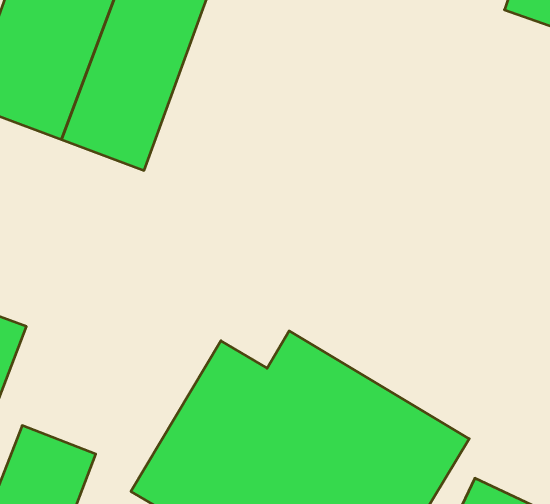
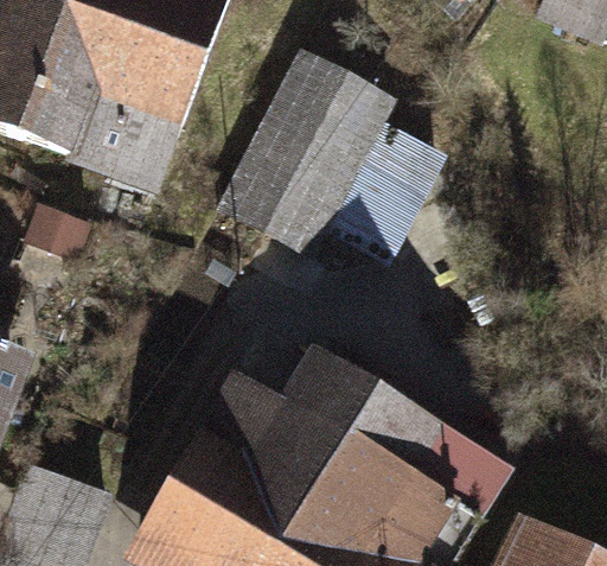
building: none -> [217,51,427,255]

